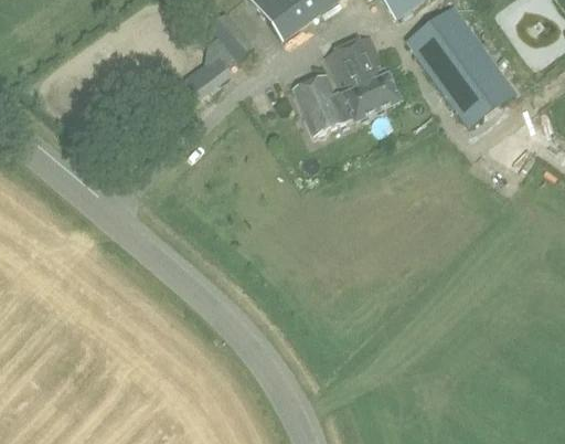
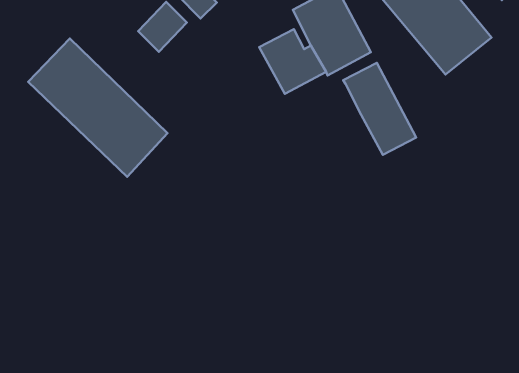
building: none -> [28,39,168,177]
building: none -> [343,63,416,155]

